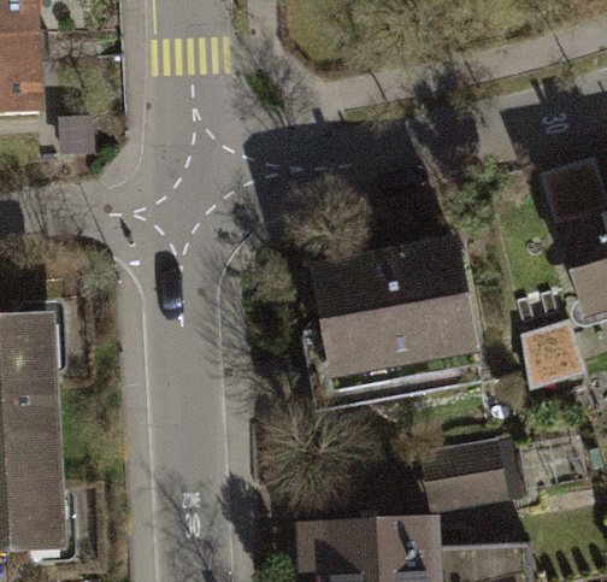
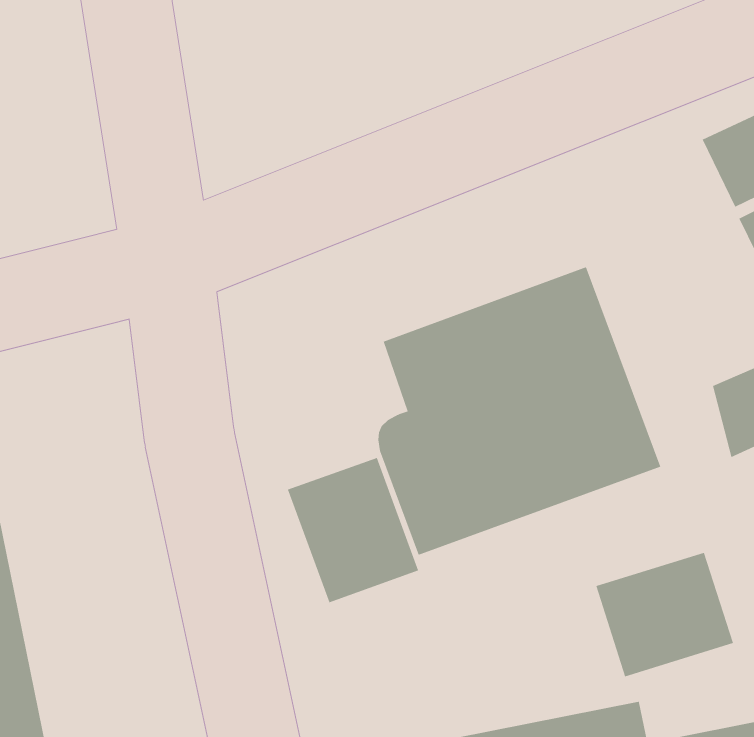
building: none -> [287,457,419,603]

